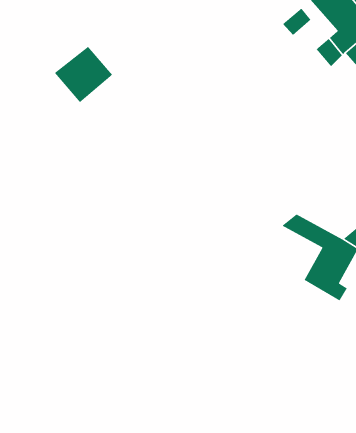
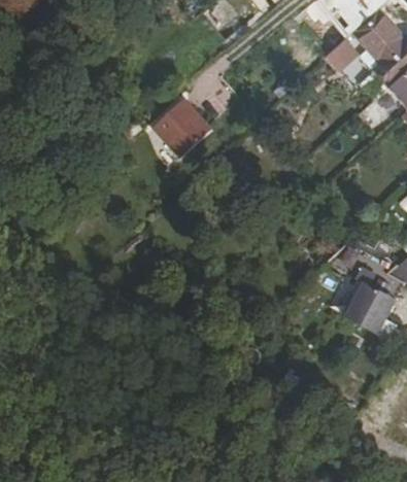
building: [54,46,113,103] -> [148,98,209,157]

